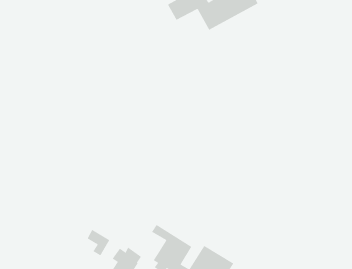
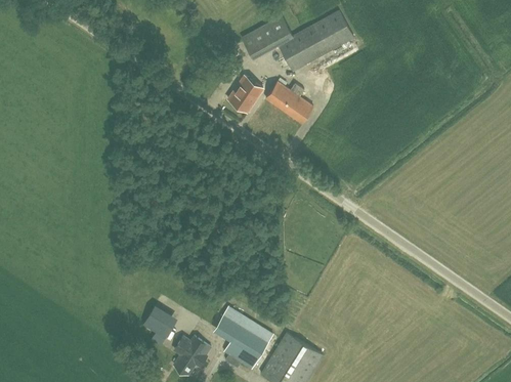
building: none -> [227,76,261,111]
building: none -> [265,81,312,123]

